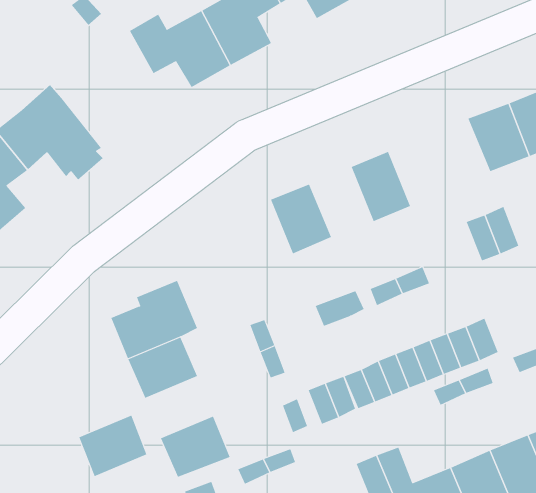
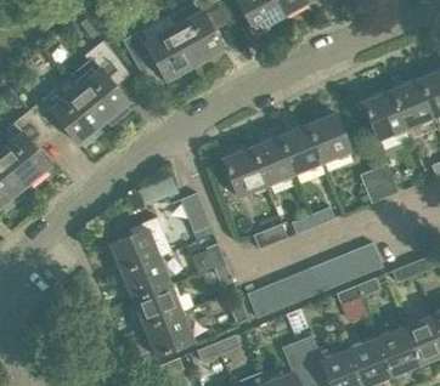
building: none -> [74,41,129,125]
building: none -> [305,114,350,165]
building: none -> [249,137,294,187]
building: none -> [176,193,210,237]
building: [79,415,147,477] -> [132,285,181,329]

